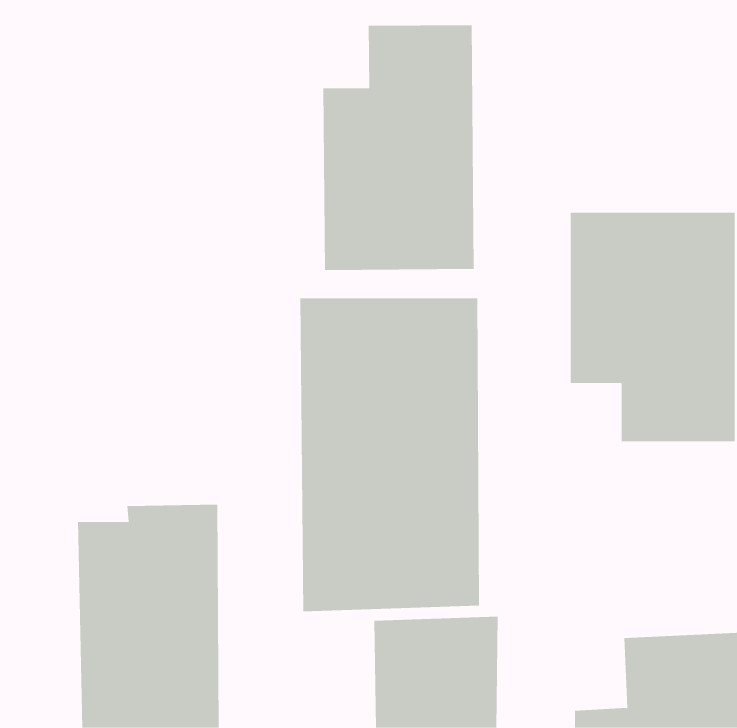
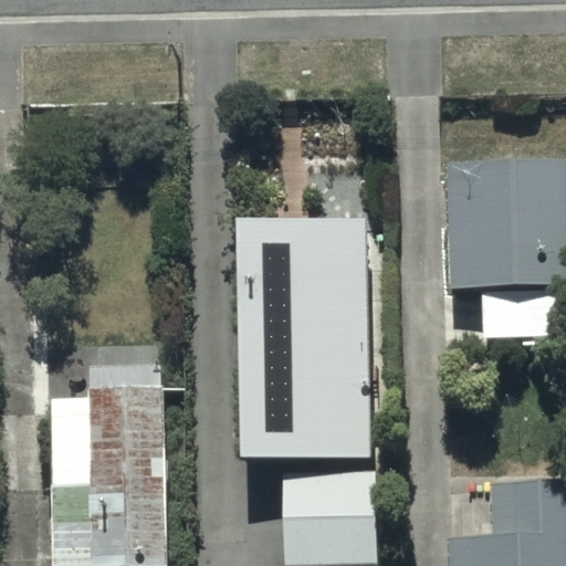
building: [323,24,474,271] -> none

